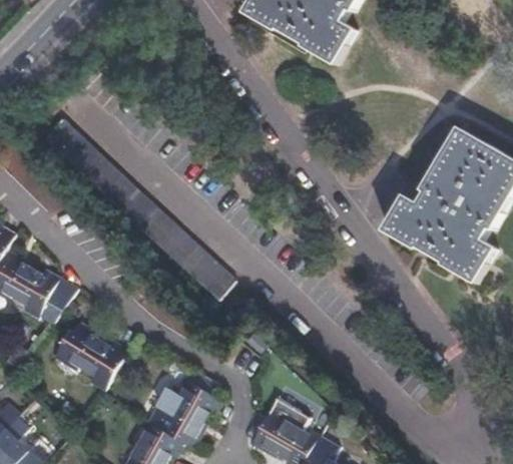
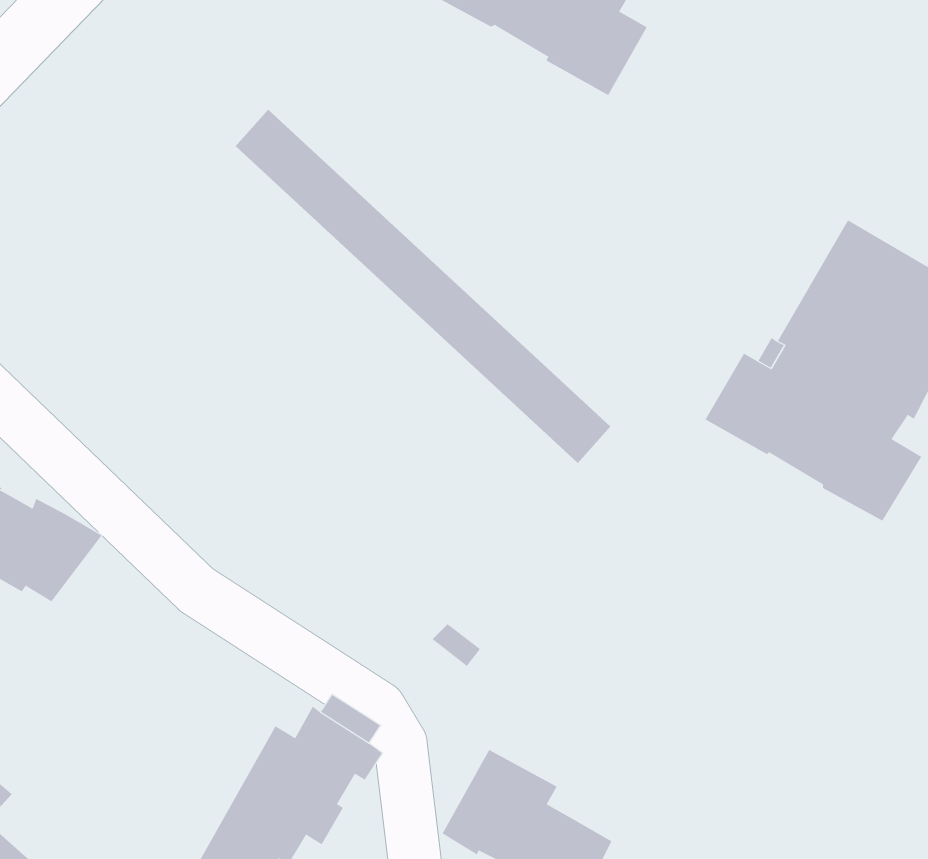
building: [38,118,230,300] -> [235,109,611,464]
building: [53,324,126,389] -> none

